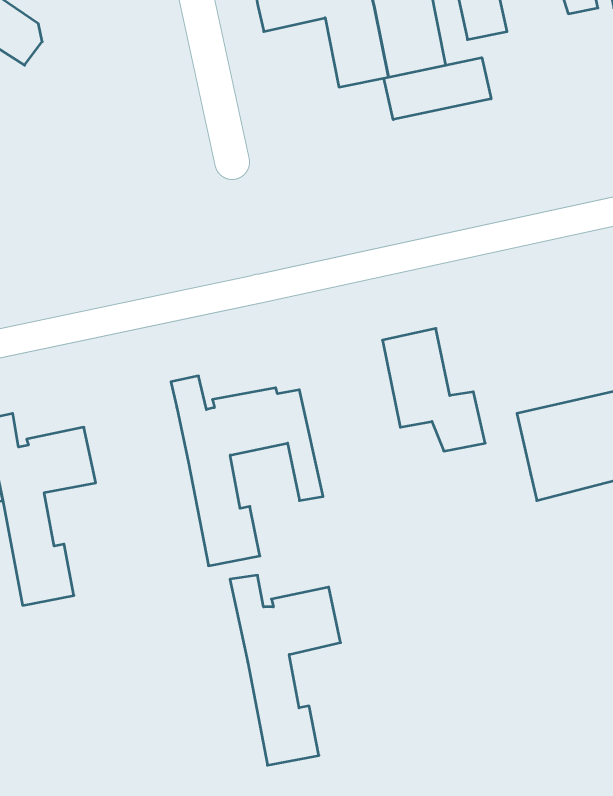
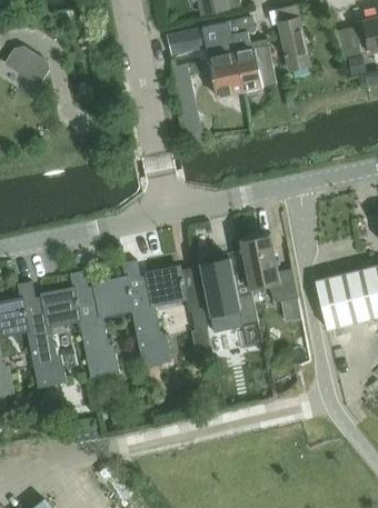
building: [384,58,491,120] -> none
building: none -> [200,259,257,328]
building: [230,575,341,765] -> [69,271,131,378]

